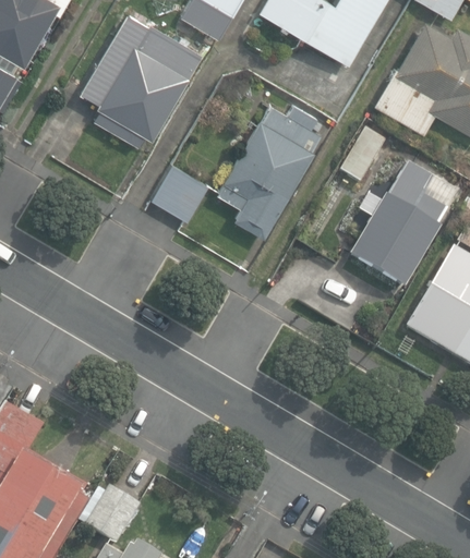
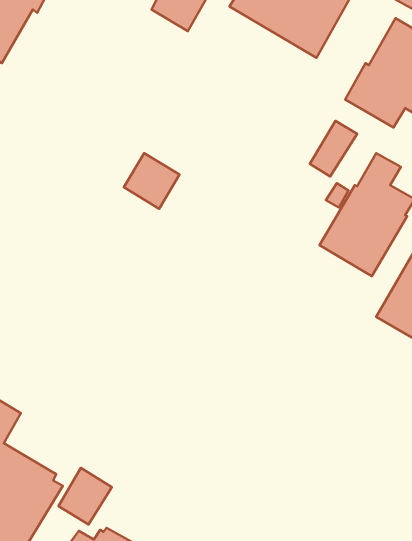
building: [82,12,202,146] -> none
building: [215,102,321,234] -> none

